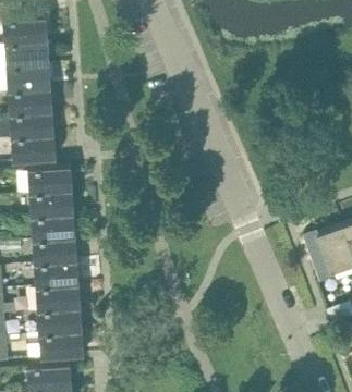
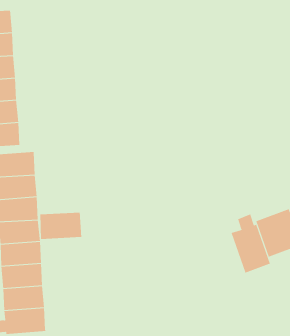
building: none -> [40,212,82,240]
building: none -> [231,213,271,274]

